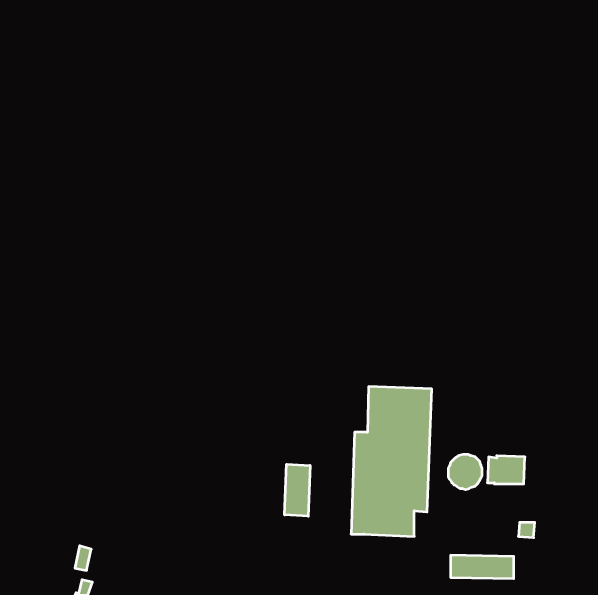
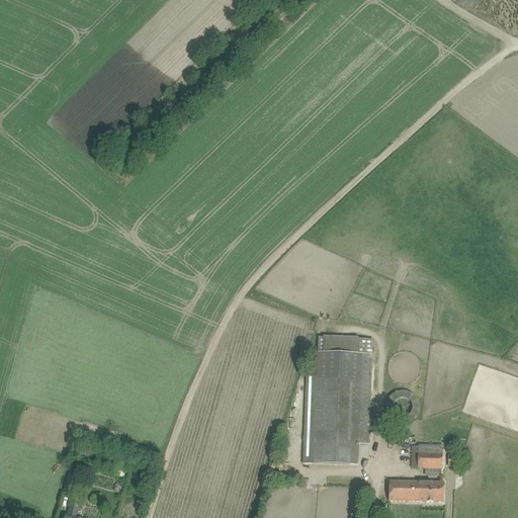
building: [487,456,525,484] -> [411,442,443,466]
building: [285,464,310,516] -> none

